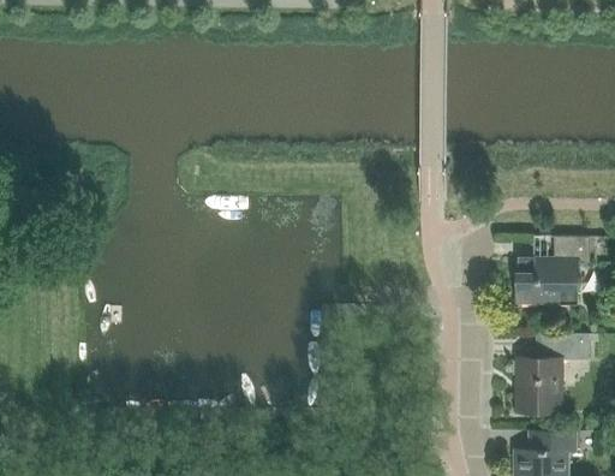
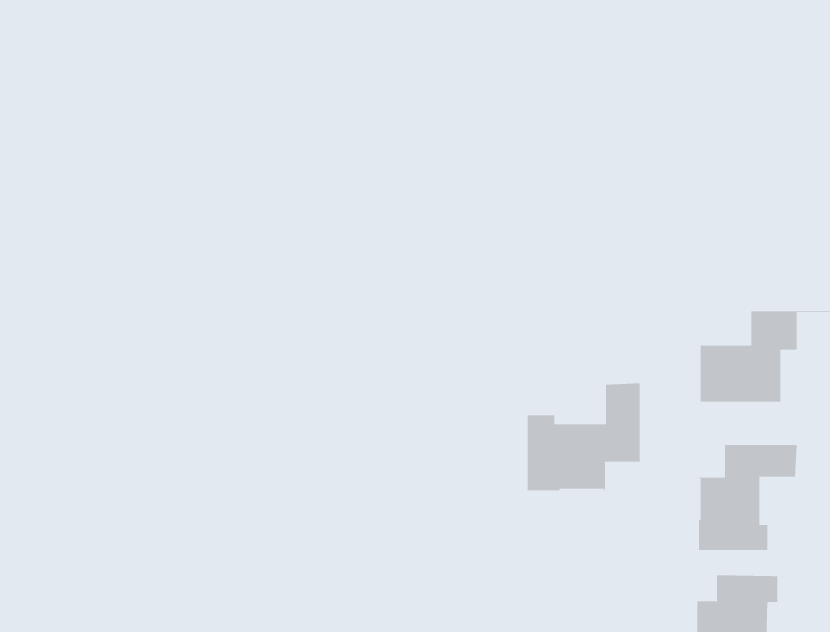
building: none -> [527,382,640,491]

